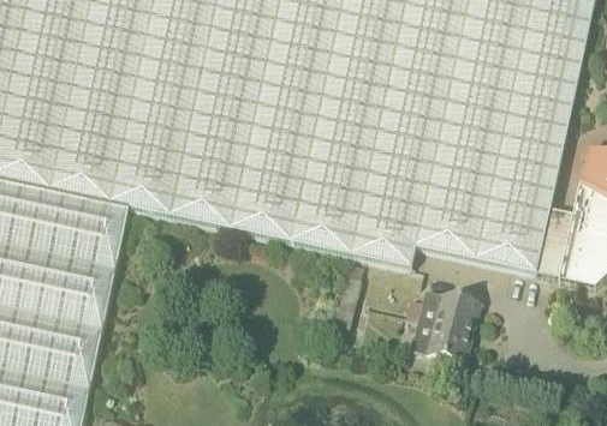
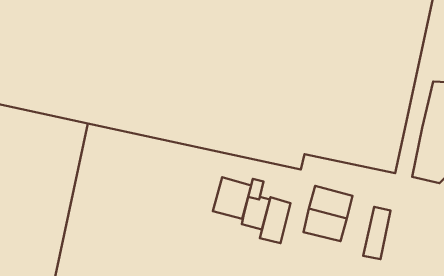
building: [535,206,571,276] -> [363,207,390,259]
building: none -> [213,177,251,219]
building: none -> [260,197,291,243]

